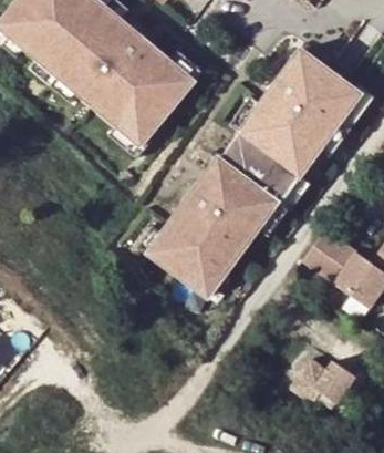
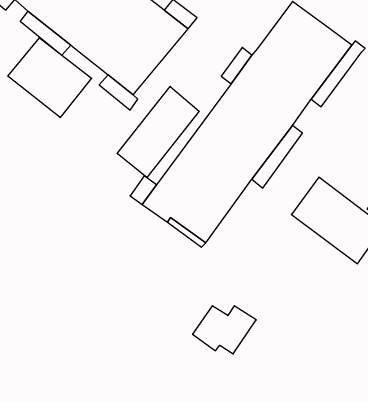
building: none -> [8,38,92,118]
building: none -> [117,86,199,178]
building: [290,359,354,408] -> [193,306,256,354]

